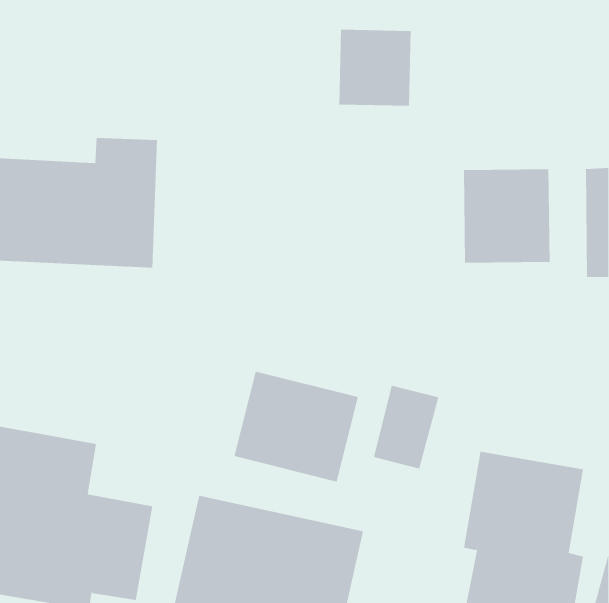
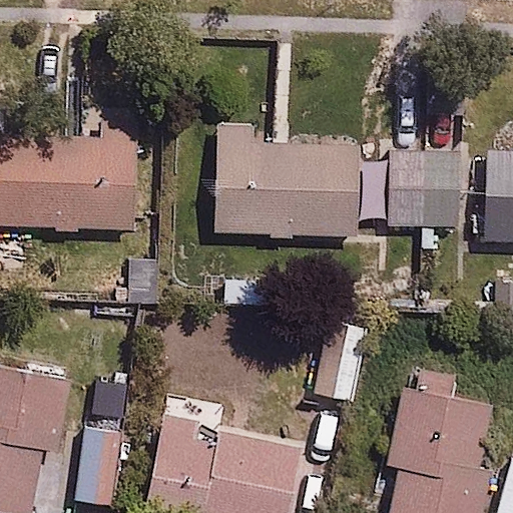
building: [339,29,411,107] -> none
building: none -> [210,125,359,234]
building: [234,371,358,482] -> none

